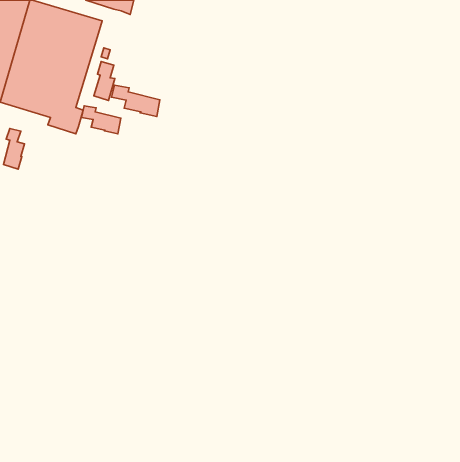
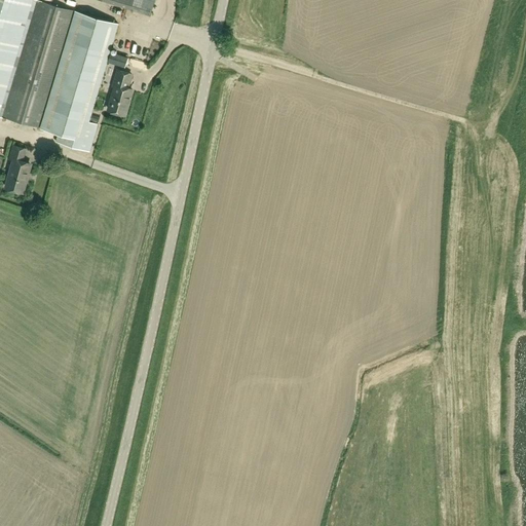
building: [112,85,160,117] -> none
building: [81,106,121,134] -> none

